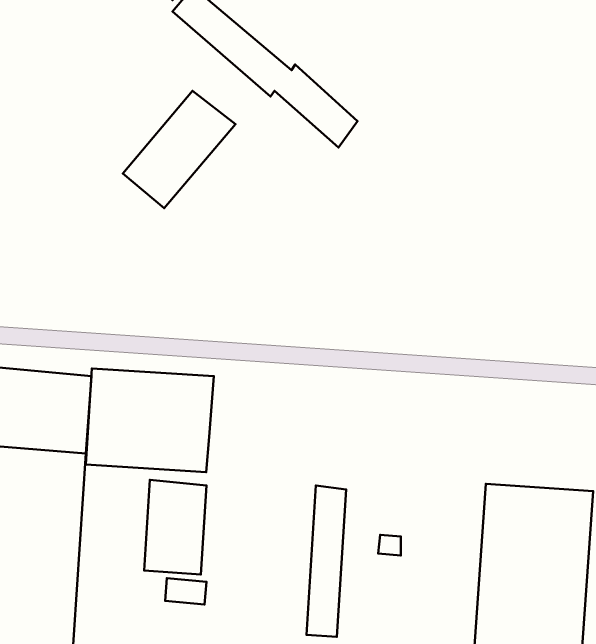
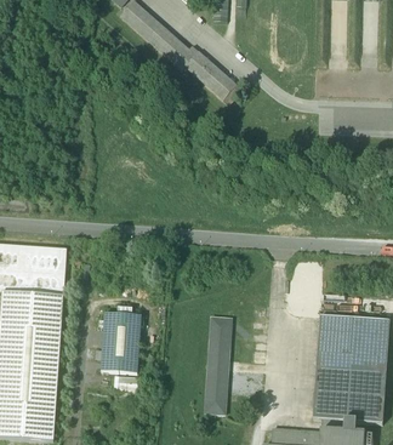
building: [123,91,236,208] -> none
building: [86,368,214,472] -> none

